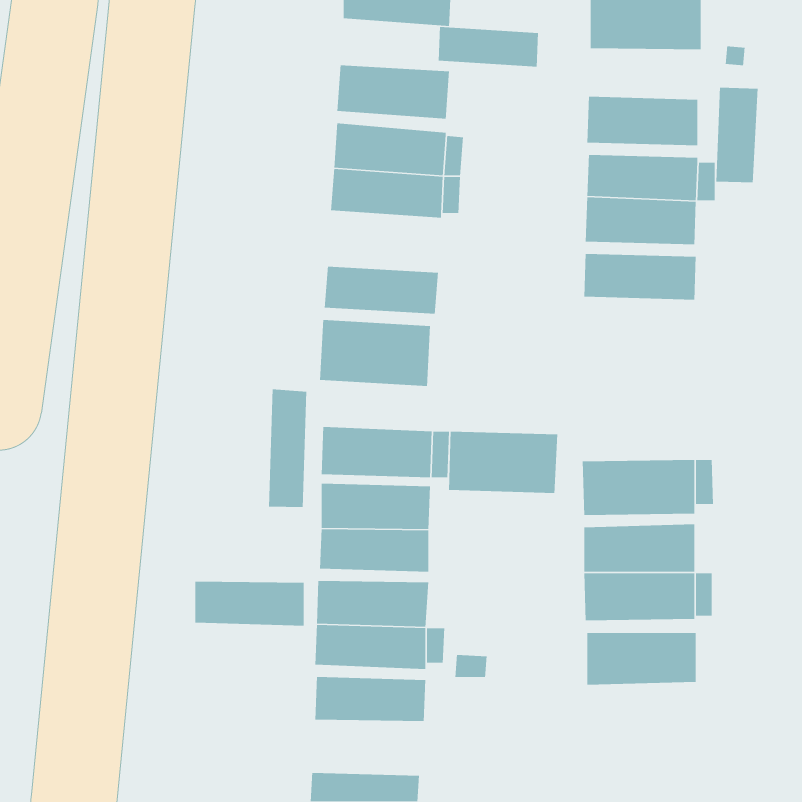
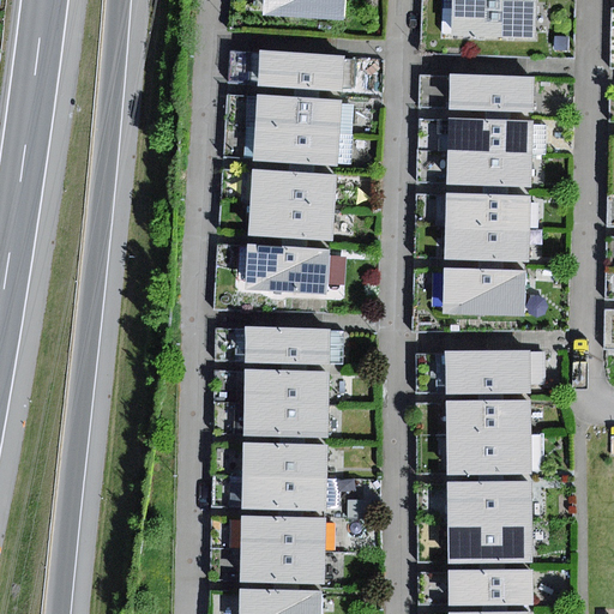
building: [438,26,539,68] -> none
building: [716,87,759,183] -> none
building: none -> [249,169,336,207]
building: none -> [443,227,530,261]
building: [268,389,307,508] -> none
building: [448,431,558,494] -> [441,267,525,315]
building: [195,581,305,626] -> [240,549,324,584]
building: none -> [447,520,532,562]
building: none -> [447,568,531,604]

